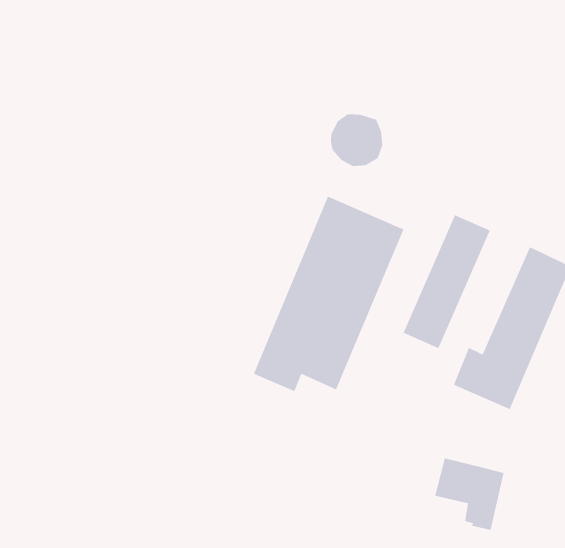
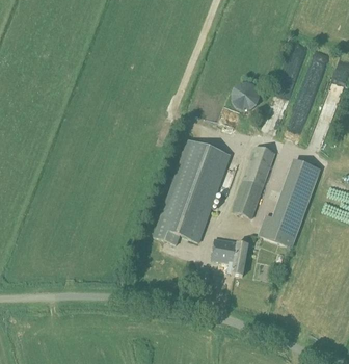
building: [330,114,383,167] -> [234,84,262,112]
building: [434,457,504,531] -> [211,237,247,275]

